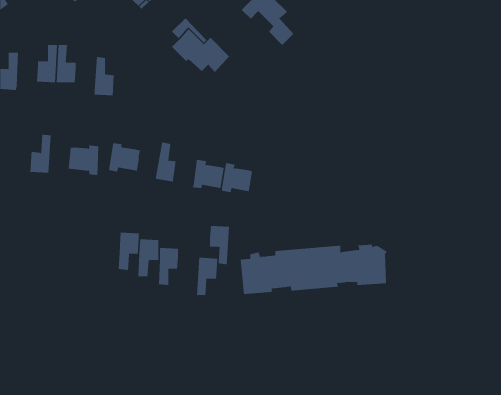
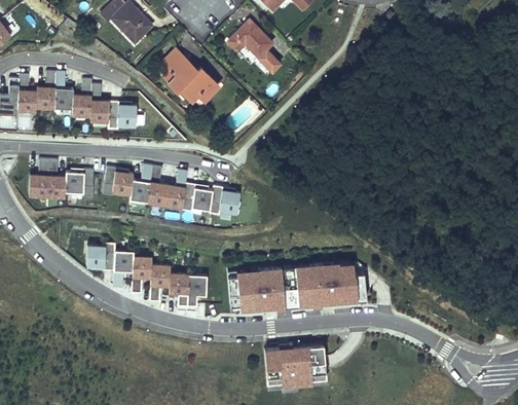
building: none -> [17,77,36,113]
building: none -> [72,81,91,117]
building: none -> [108,103,137,130]
building: none -> [47,159,67,196]
building: none -> [130,164,153,200]
building: none -> [164,170,188,207]
building: none -> [85,244,114,270]
building: [209,225,230,265] -> [169,273,188,310]
building: none -> [263,343,326,388]

